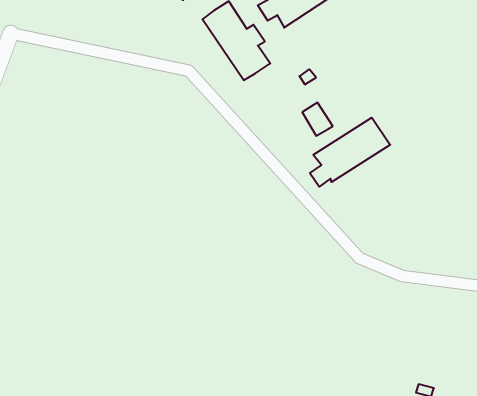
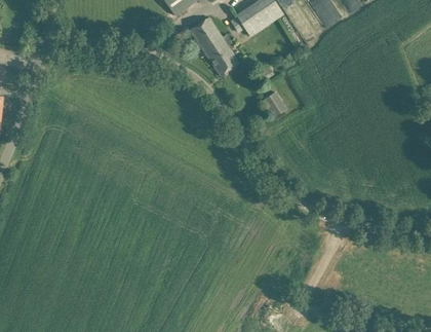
building: [310,118,390,187] -> none

